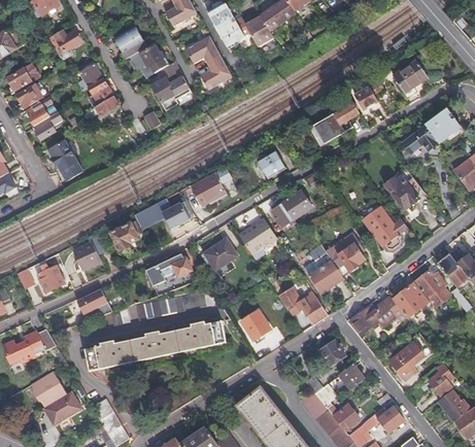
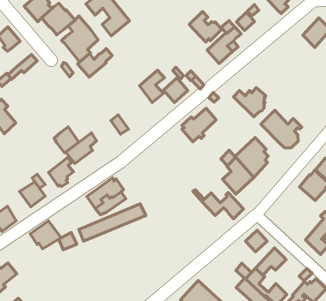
building: [86,78,112,107] -> none
building: none -> [189,12,221,42]
building: none -> [78,48,112,77]
building: [403,126,438,152] -> none
building: [201,168,231,204] -> [140,70,164,103]
building: [383,177,420,210] -> [234,88,266,117]
building: [162,202,190,231] -> [54,127,79,153]
building: [239,218,276,260] -> none
building: [200,238,237,271] -> none
building: [349,297,406,336] -> none
building: [241,310,269,340] -> none
building: [83,319,224,372] -> none

